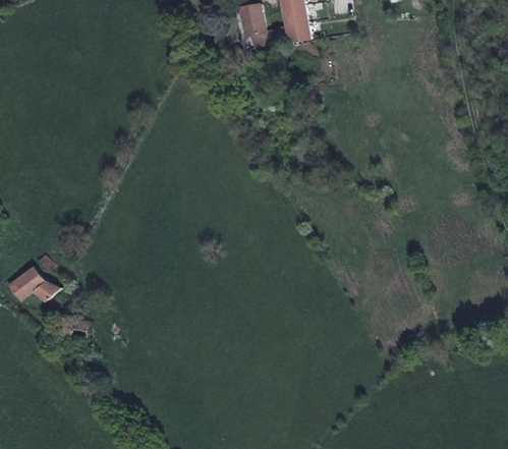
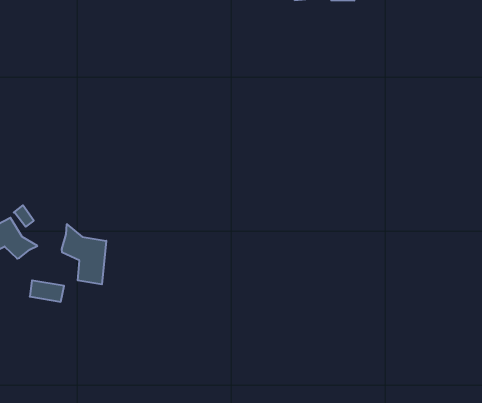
building: none -> [62,224,106,284]

